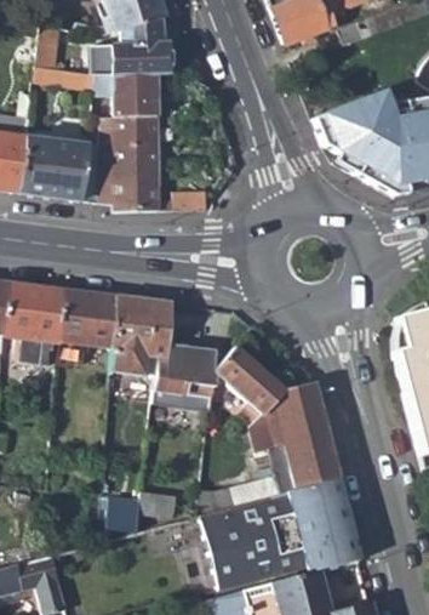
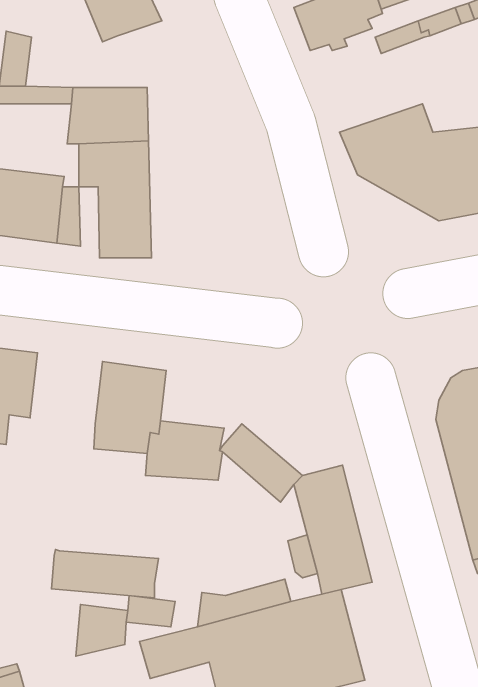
building: [115,18,170,73] -> none
building: [61,290,120,348] -> none
building: none -> [52,550,158,598]
building: [315,478,360,558] -> none

